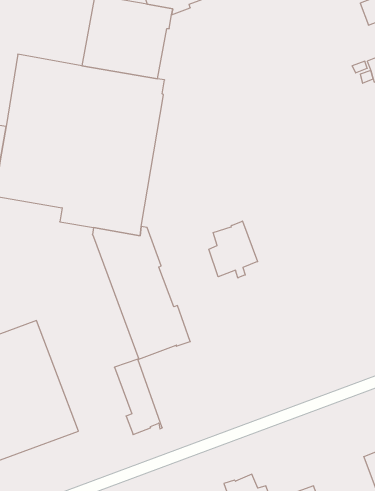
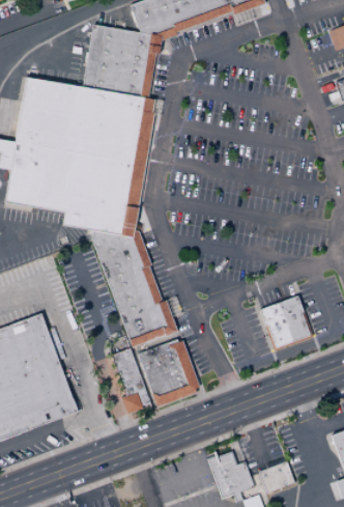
building: [209,221,258,278] -> none
building: none -> [259,294,313,350]
building: none -> [137,338,200,407]

